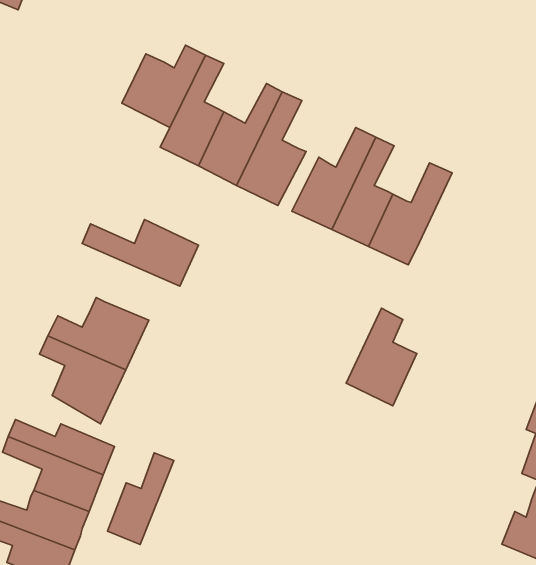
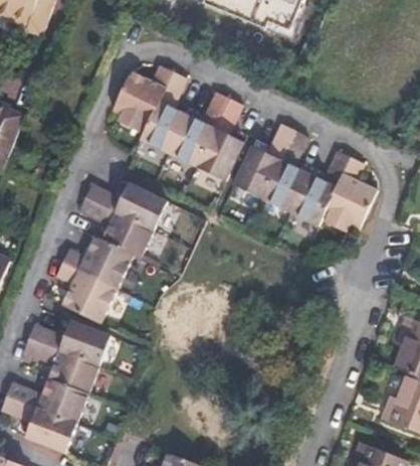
building: none -> [77,205,153,265]
building: [346,308,417,406] -> [321,155,371,224]
building: [108,453,174,544] -> none

